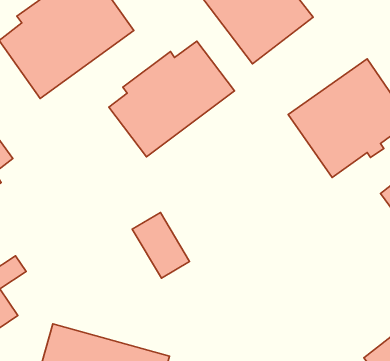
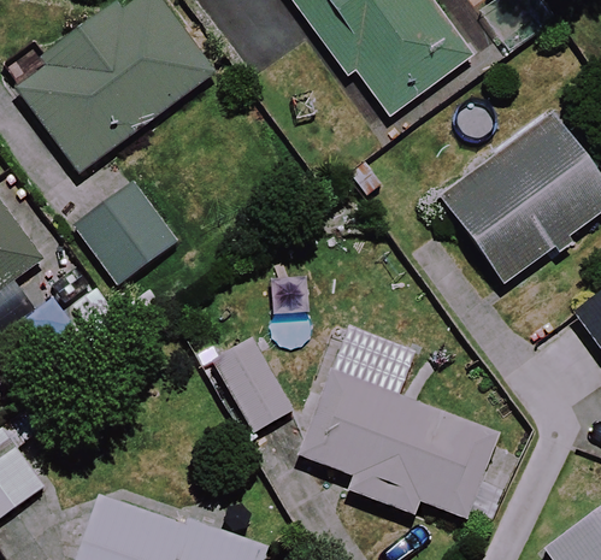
building: [109,41,235,157] -> none
building: none -> [65,182,173,288]
building: none -> [296,326,496,517]

